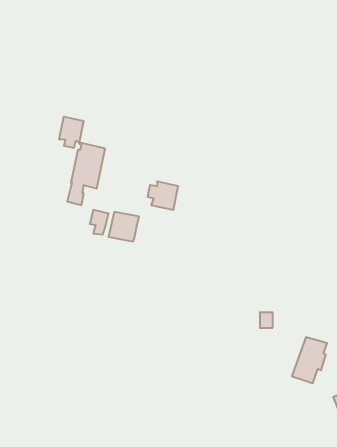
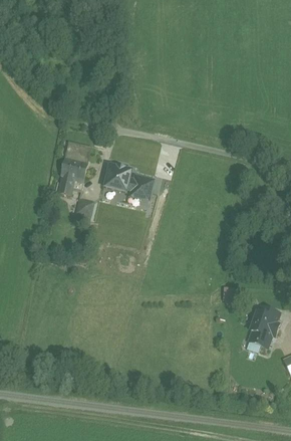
building: [59,117,83,148] -> none
building: [108,212,139,241] -> [104,167,130,192]

